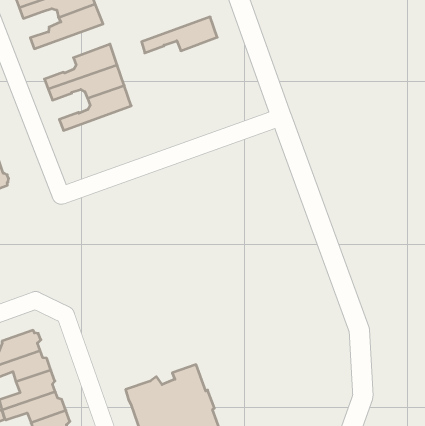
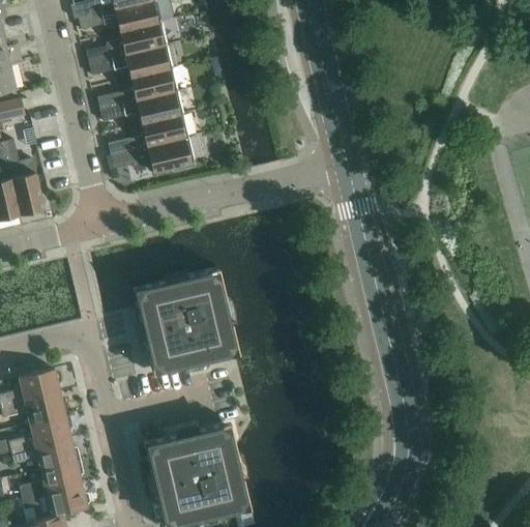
building: [142,17,217,53] -> [90,46,173,79]
building: none -> [108,138,196,173]
building: none -> [137,272,236,372]

